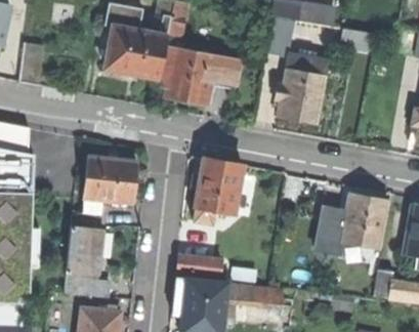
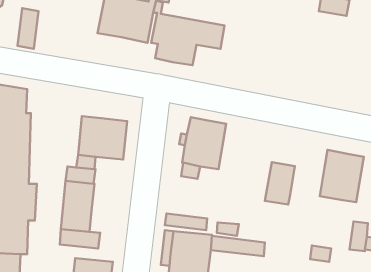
building: [275,54,328,124] -> none
building: [315,207,346,252] -> [265,162,295,205]

